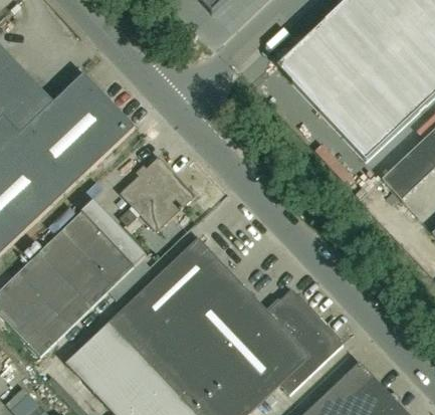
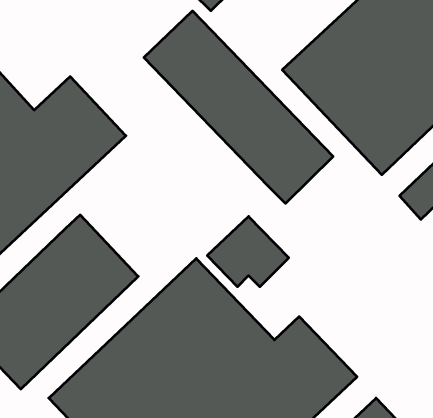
building: none -> [144,11,333,203]
building: [122,158,195,221] -> [207,216,289,287]

